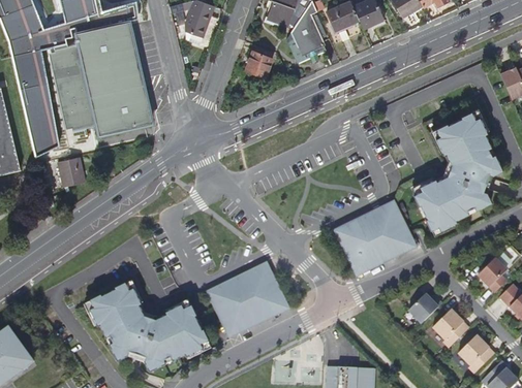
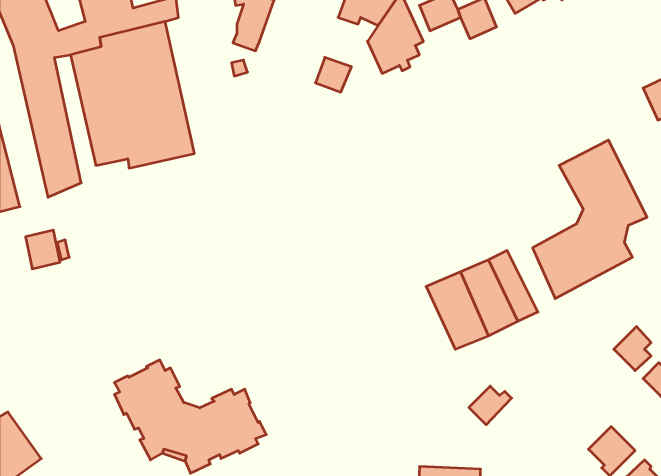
building: [58,157,85,187] -> [26,230,60,269]
building: [205,260,288,338] -> none
building: [408,294,441,324] -> [469,386,512,425]
building: [433,310,468,348] -> none

